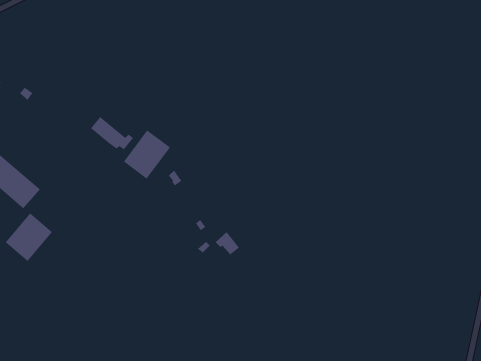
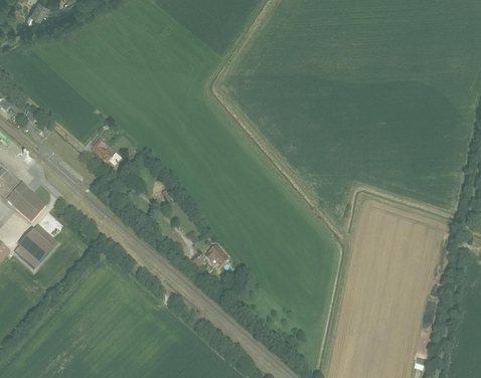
building: [123,130,171,179] -> none

